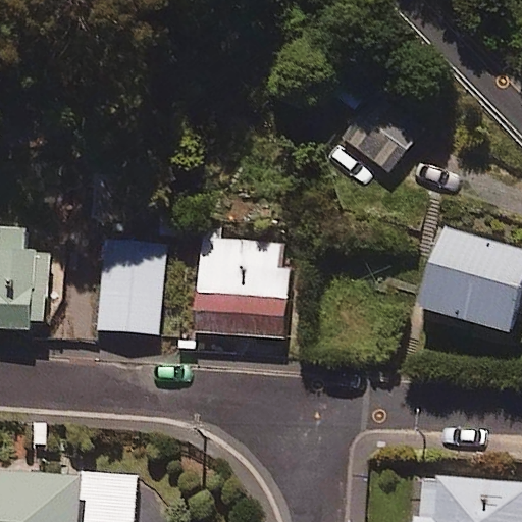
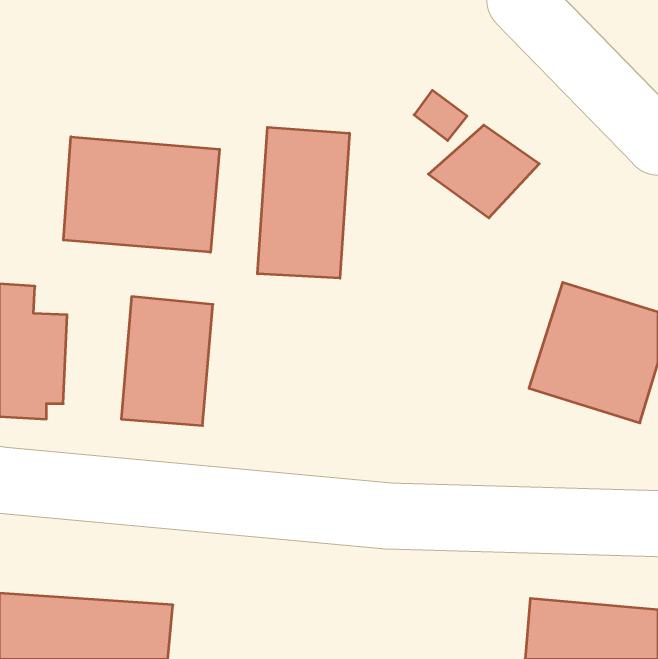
building: none -> [258,127,349,278]
building: none -> [63,137,220,252]
building: [192,237,291,340] -> none

